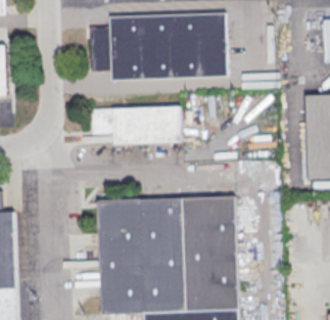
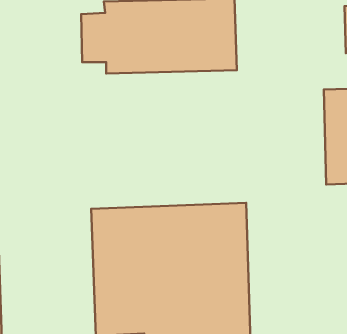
building: [92,105,181,143] -> none

